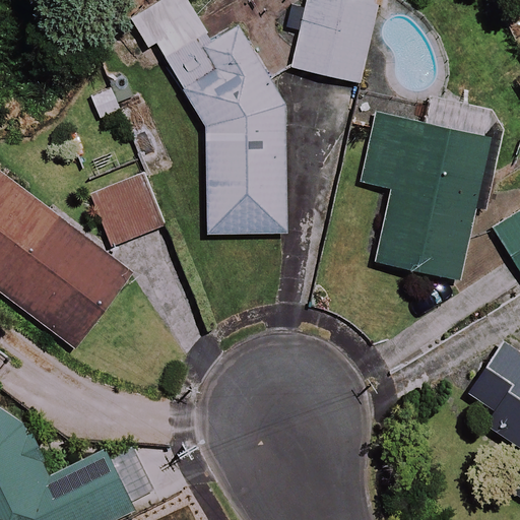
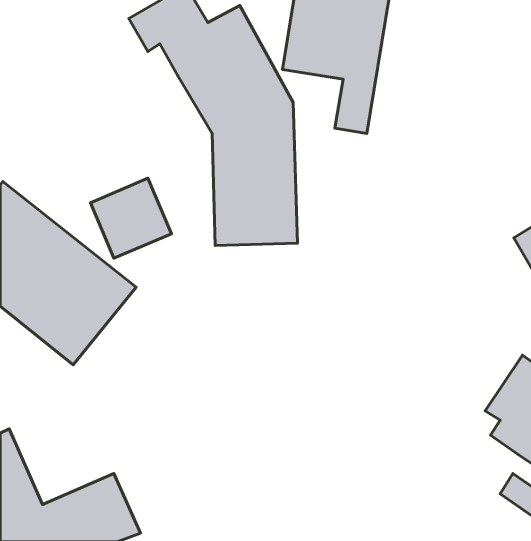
building: [363,115,488,278] -> none

